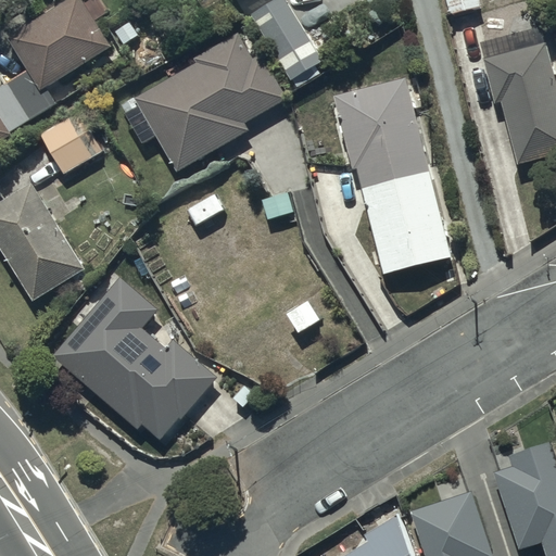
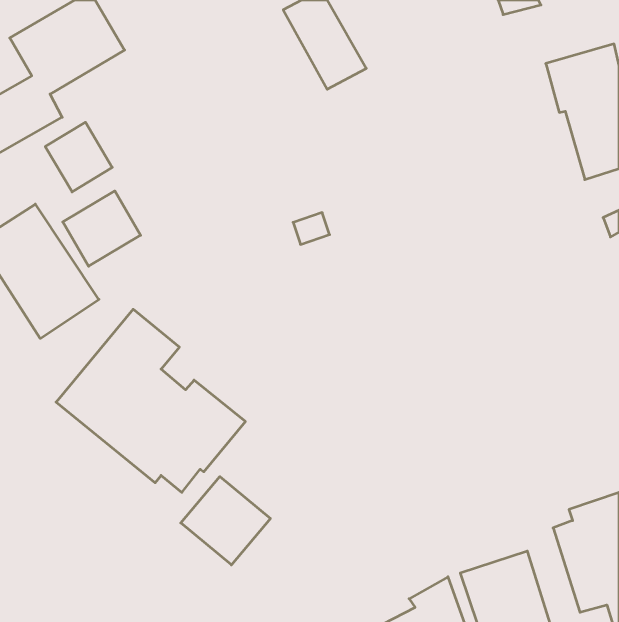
building: [119,31,288,173] -> none
building: [332,76,452,275] -> none
building: none -> [63,191,141,266]
building: none -> [181,477,270,565]

